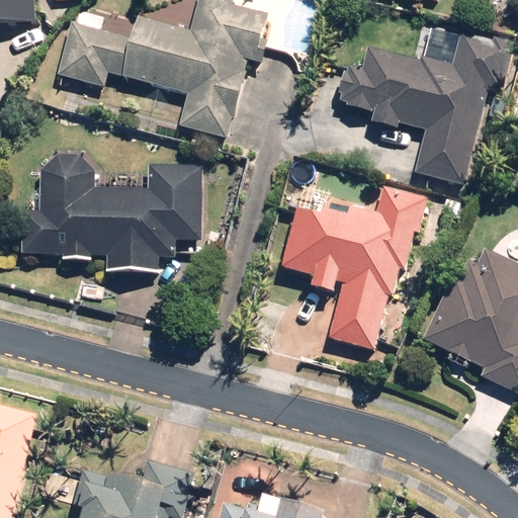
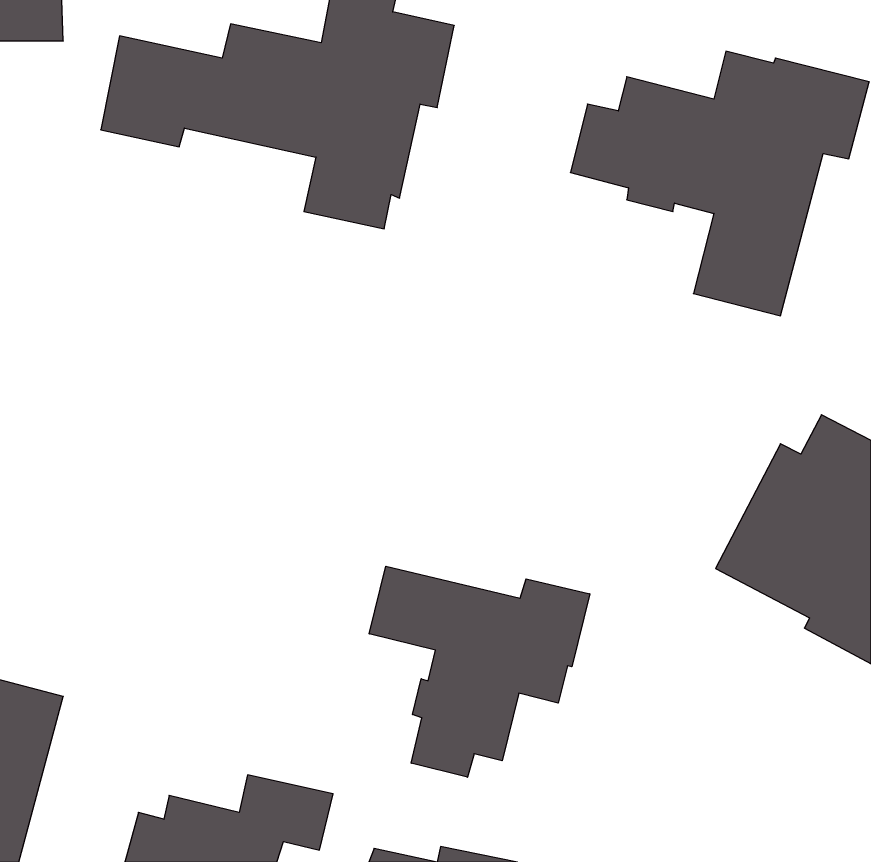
building: [22,154,205,272] -> none
building: [280,185,428,349] -> none
building: none -> [369,566,590,777]

